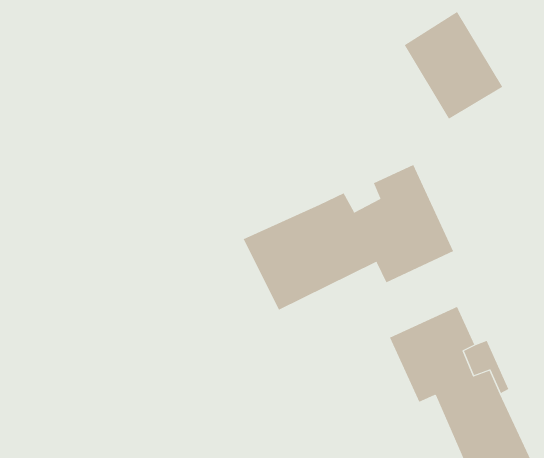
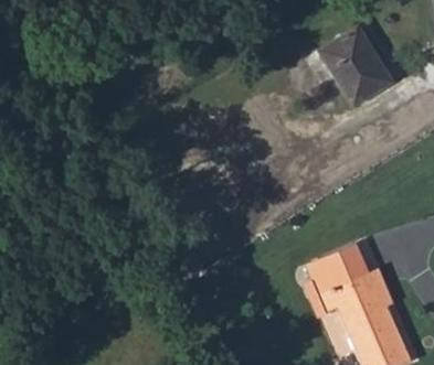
building: [243,164,454,310] -> none

